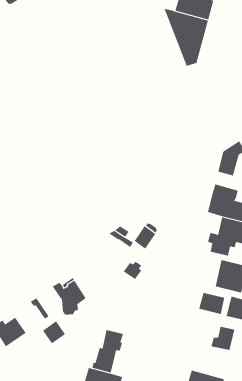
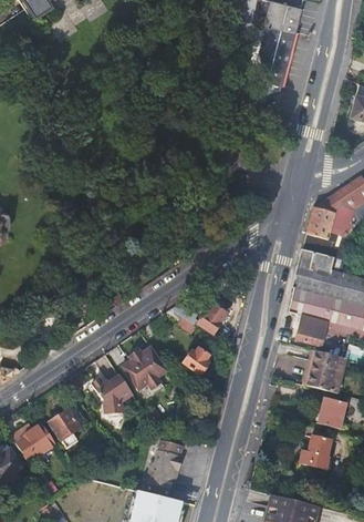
building: none -> [287,287,314,326]
building: none -> [124,348,168,392]
building: [199,292,225,315] -> none
building: [42,321,66,344] -> [51,410,82,441]

